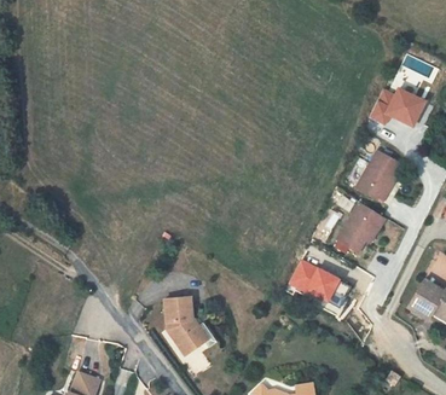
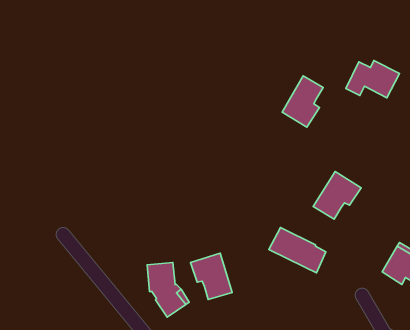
building: [357,150,399,203] -> [282,76,323,127]
building: none -> [190,253,232,299]

